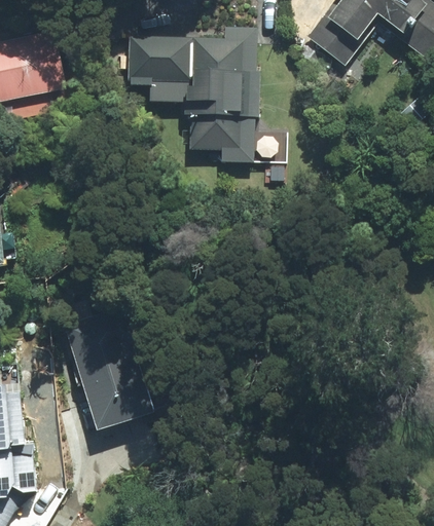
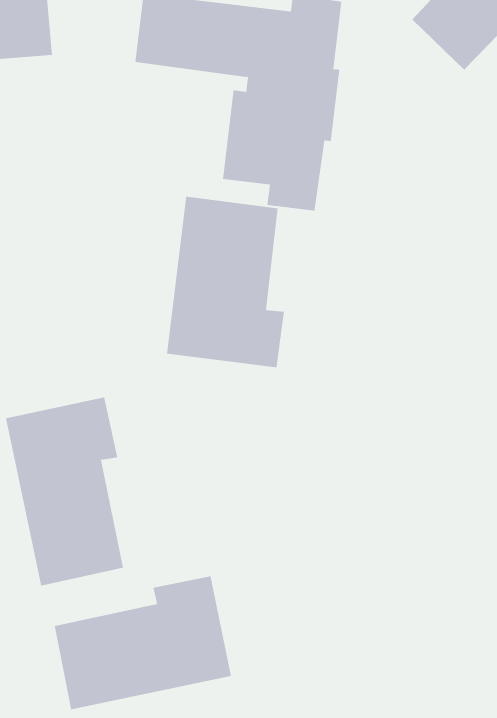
building: none -> [166,196,284,368]
building: none -> [54,576,231,710]

